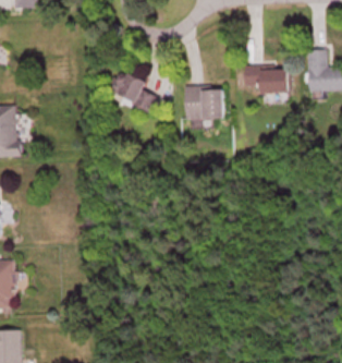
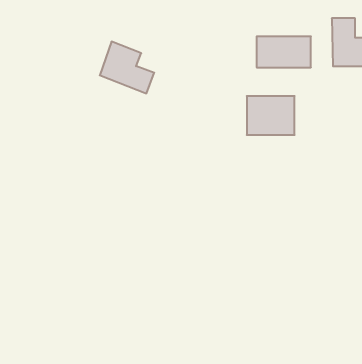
building: [184,86,224,119] -> [247,96,295,135]

